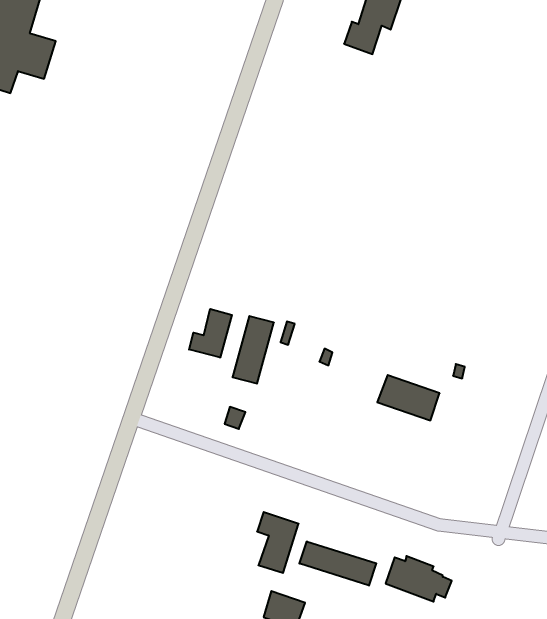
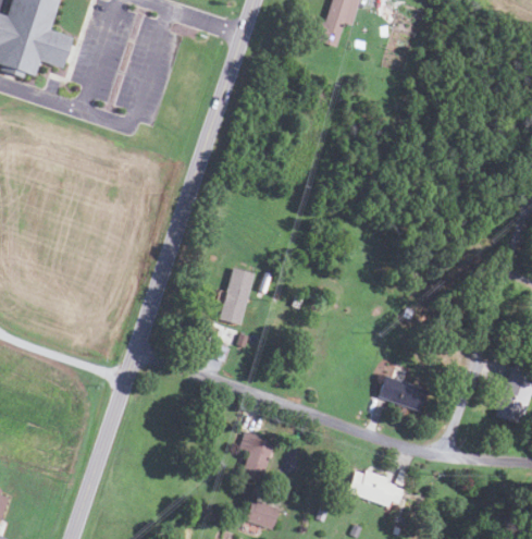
building: [189,309,232,358] -> none
building: [377,375,440,420] -> [376,373,429,412]
building: [299,541,376,586] -> none

